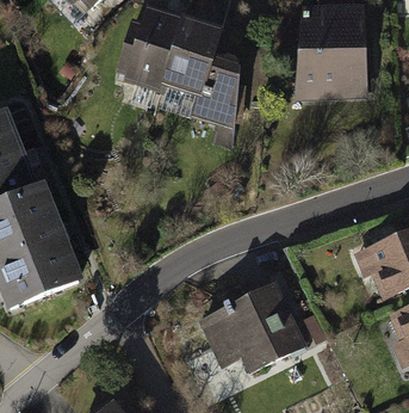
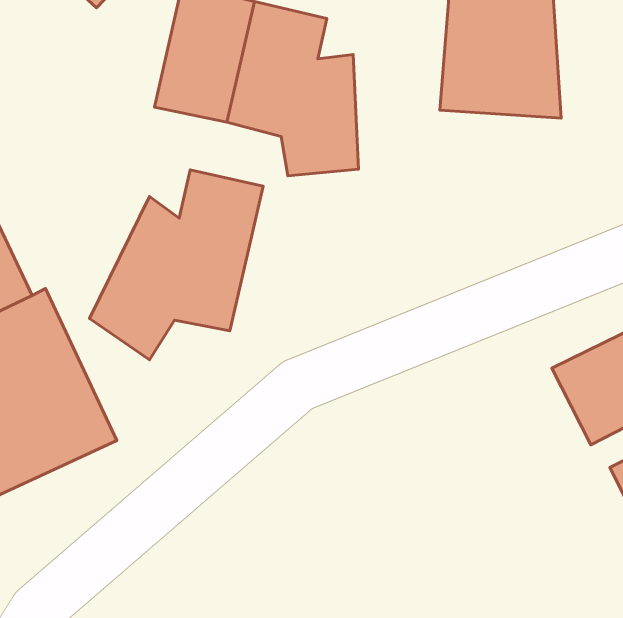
building: none -> [89,170,263,360]
building: [191,286,295,374] -> none

